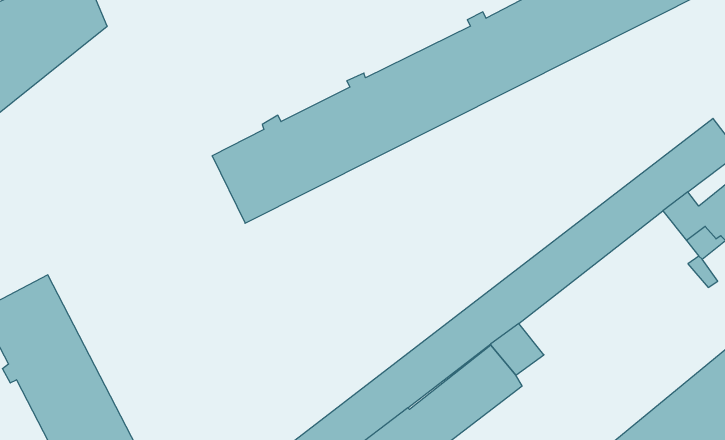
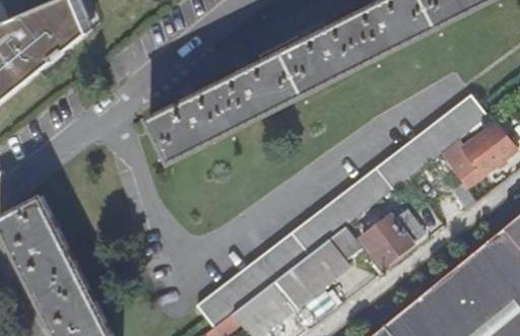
building: none -> [361,212,426,268]

